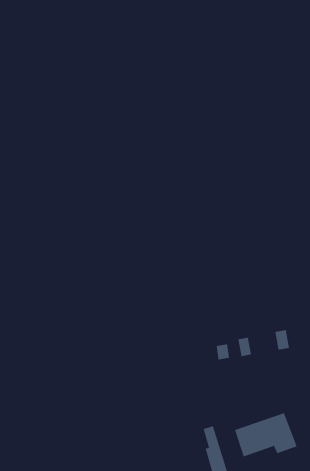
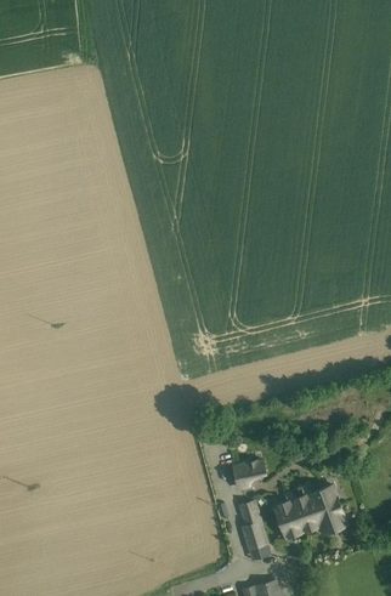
building: none -> [233,459,265,488]

